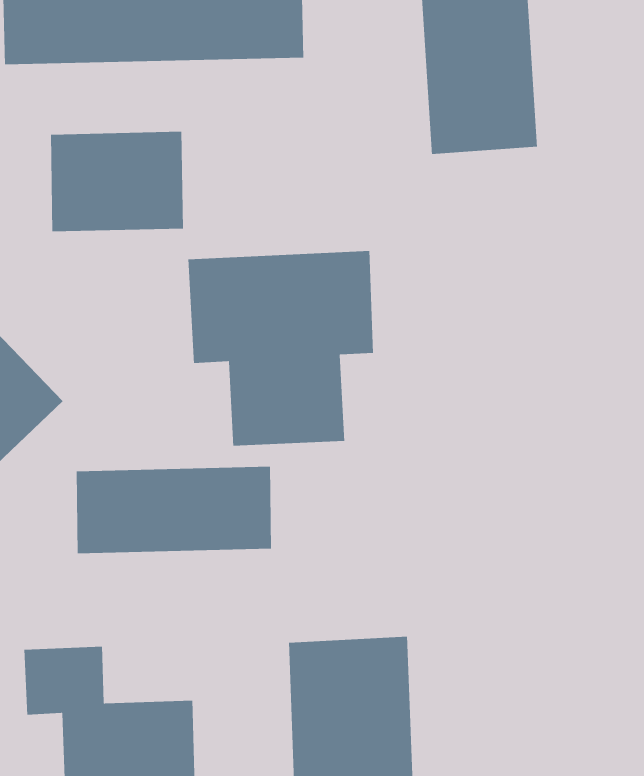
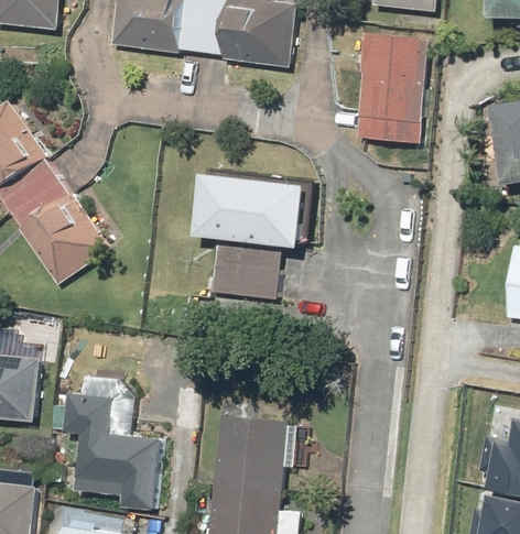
building: [50,131,184,232] -> none
building: [76,466,272,554] -> none

